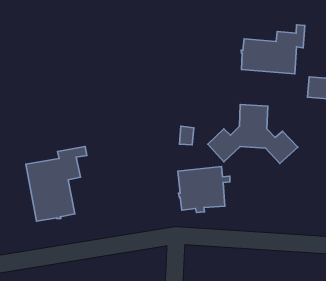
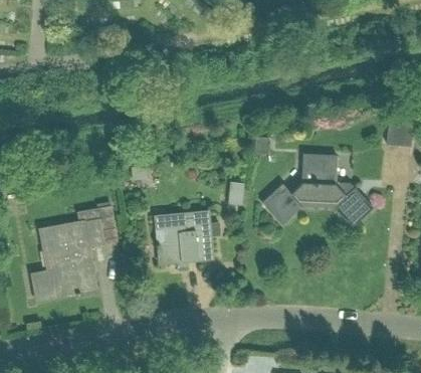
building: [241,25,305,74] -> none
building: [178,166,230,212] -> [155,210,219,267]

